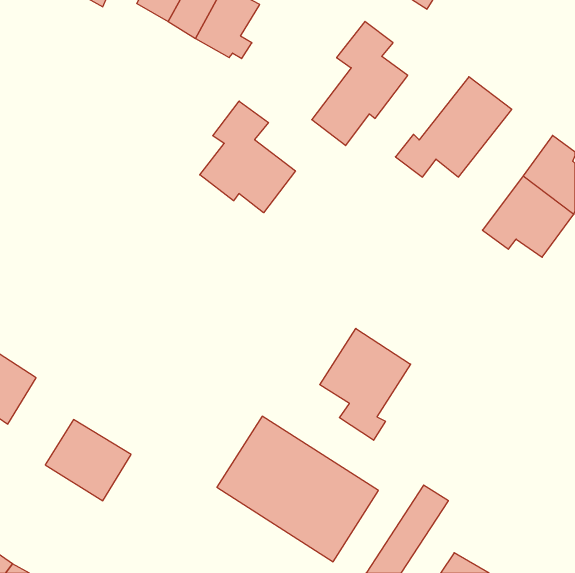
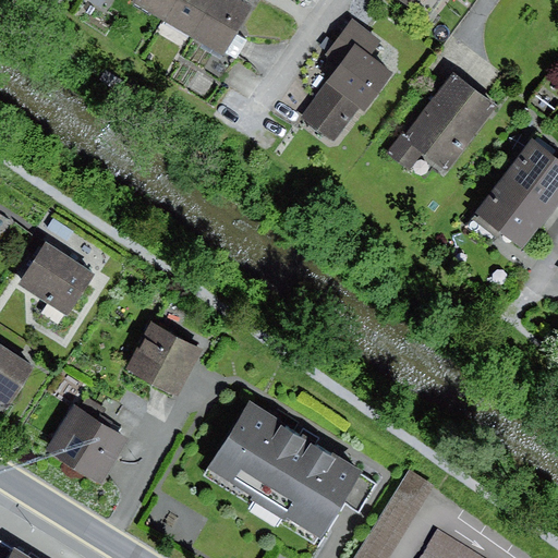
building: [200,101,295,213] -> none
building: none -> [17,243,93,315]
building: [320,328,411,440] -> none
building: none -> [124,322,198,396]

